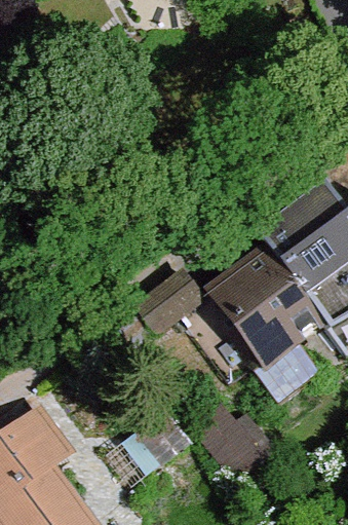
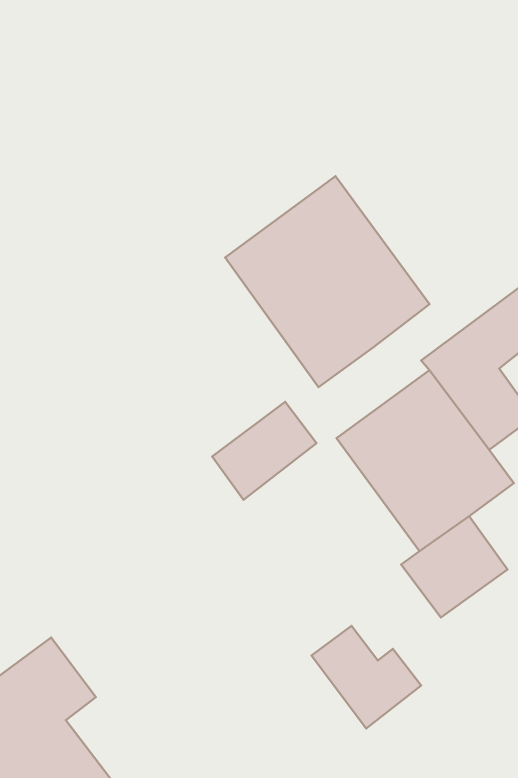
building: none -> [225,176,430,387]

